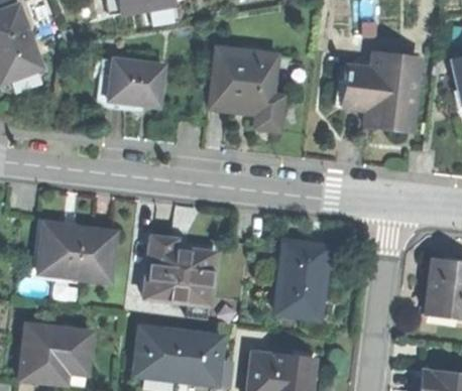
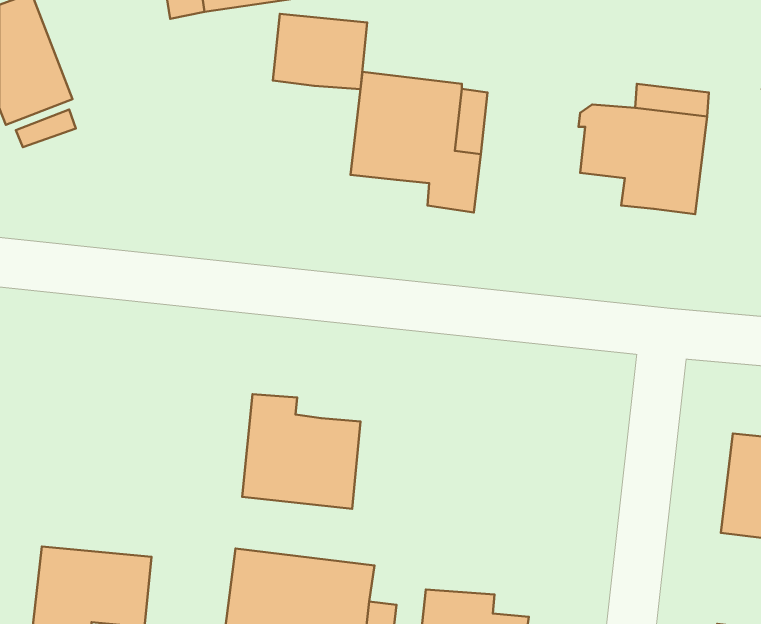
building: [109,60,164,105] -> [273,14,367,89]
building: [38,225,113,280] -> none
building: [278,244,327,317] -> none

